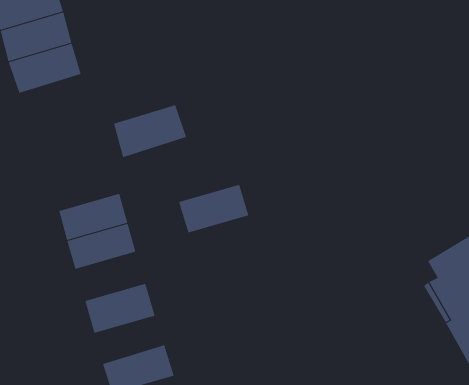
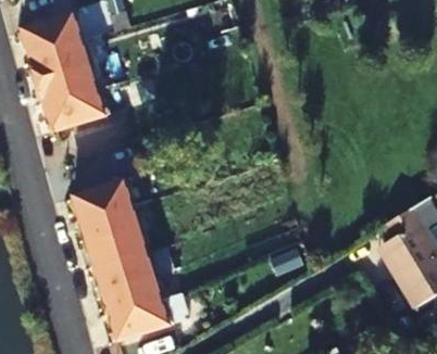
building: [113,104,187,158] -> [45,88,103,130]
building: [178,184,249,233] -> [89,229,146,268]
building: none -> [104,280,161,318]

